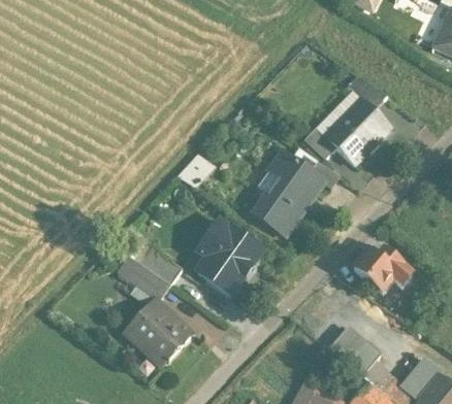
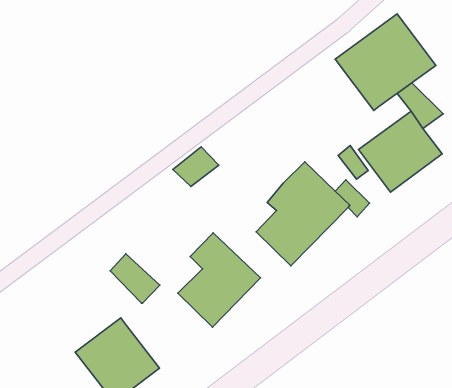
building: none -> [335,14,436,111]
building: [353,251,411,294] -> none
building: [117,256,169,303] -> none

